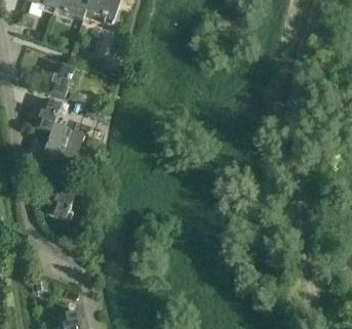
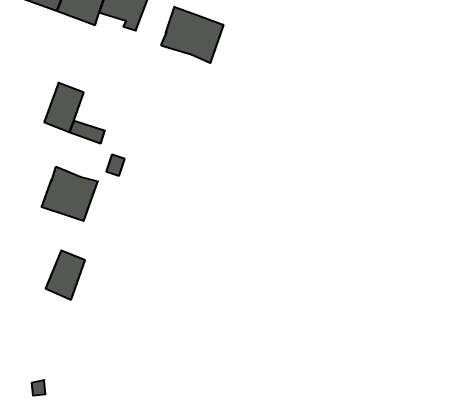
building: none -> [161,7,223,63]
building: [32,97,62,133] -> none

